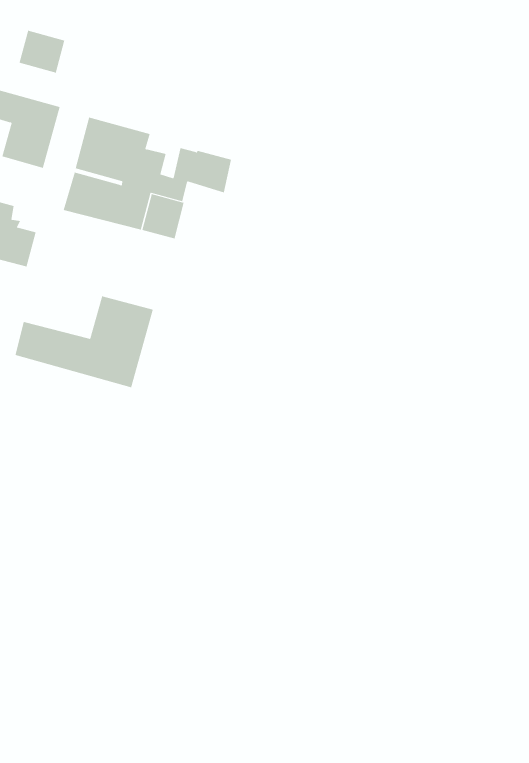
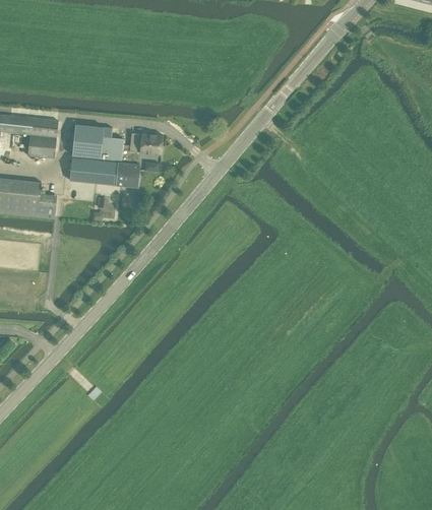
building: [19,30,65,74] -> none
building: [15,296,153,388] -> none

